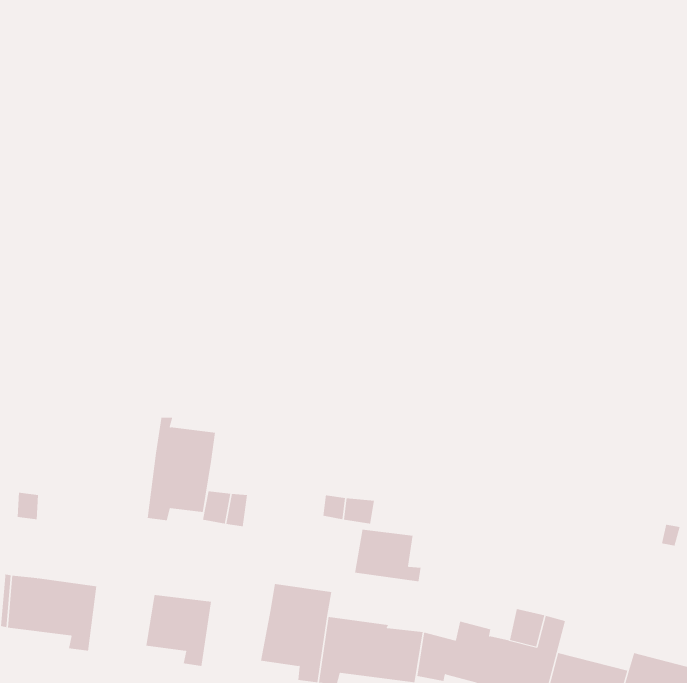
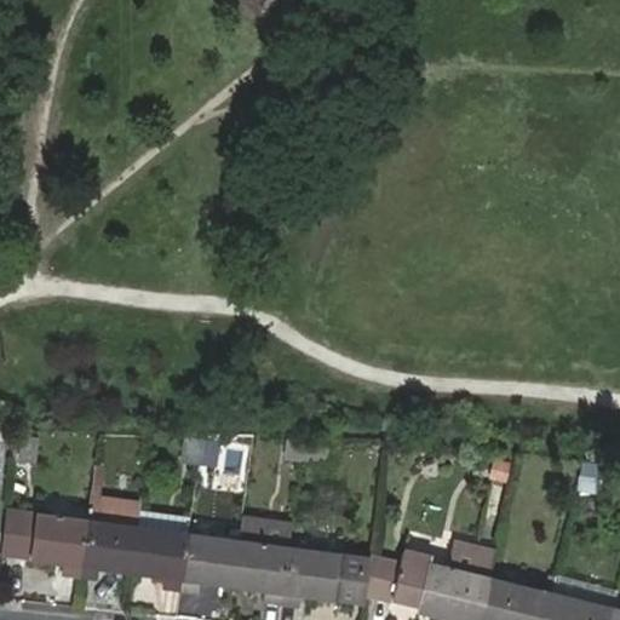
building: [147,417,216,521] -> [80,488,140,579]
building: [354,529,421,582] -> none
building: none -> [179,533,239,592]

